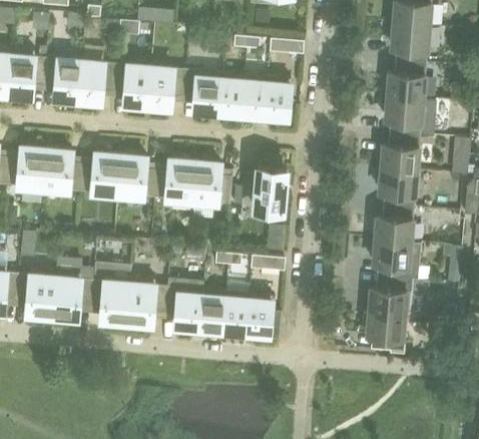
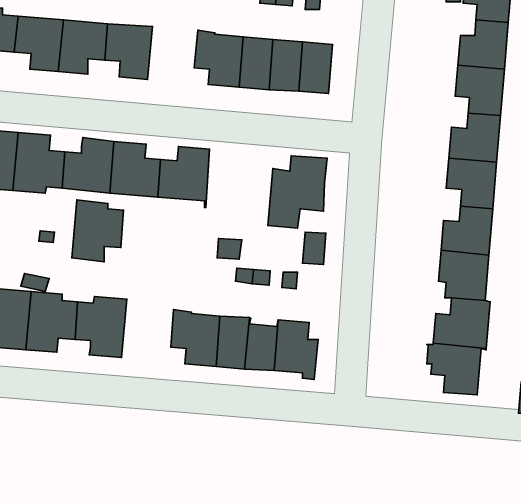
building: [147,68,186,111] -> none
building: [192,163,233,210] -> none
building: [127,280,167,328] -> [72,200,123,262]

